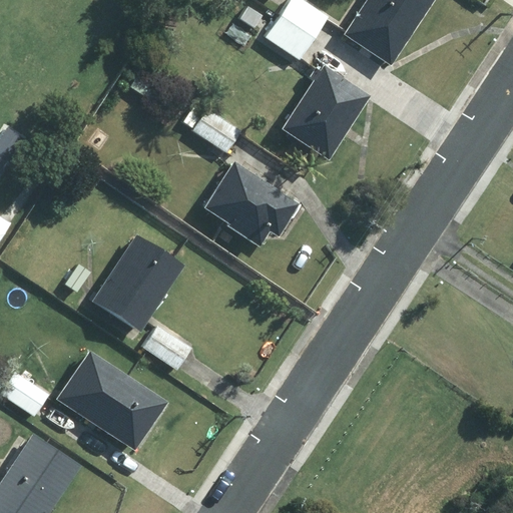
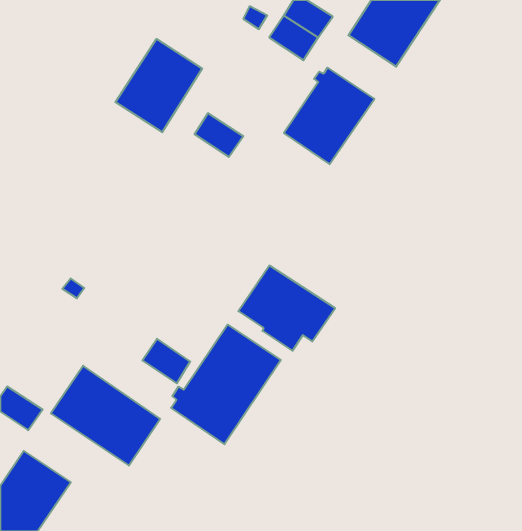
building: none -> [115,39,202,132]
building: [203,163,297,245] -> [238,266,335,351]
building: [95,235,181,330] -> none
building: none -> [171,325,281,444]

